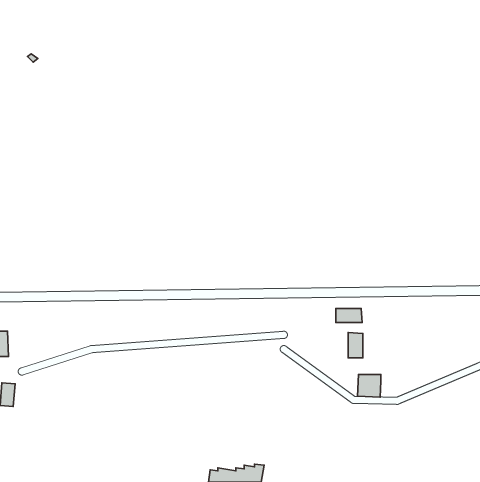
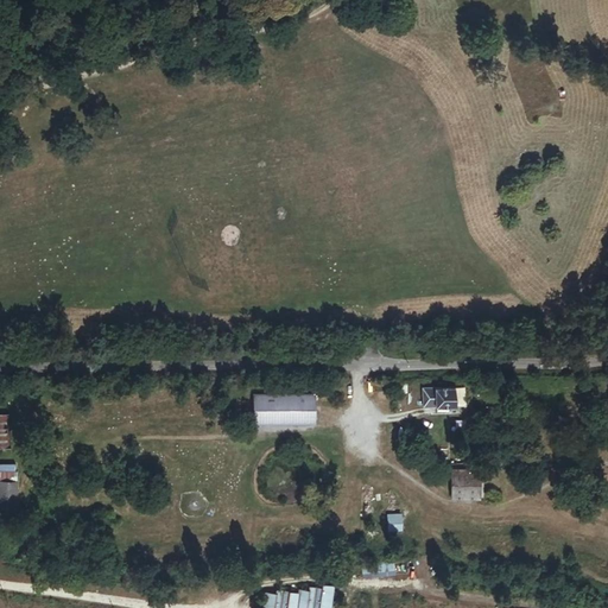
building: none -> [254,394,315,424]
building: [348,333,363,358] -> none

